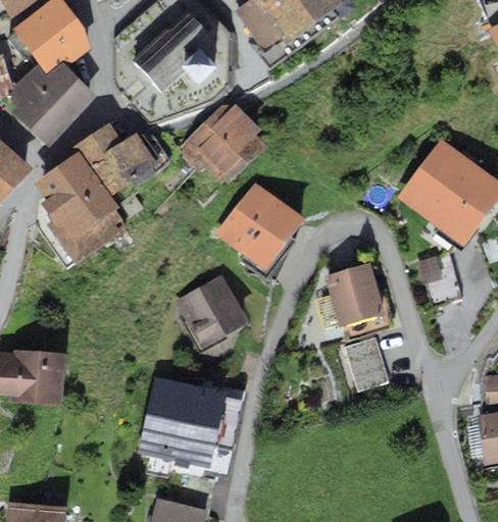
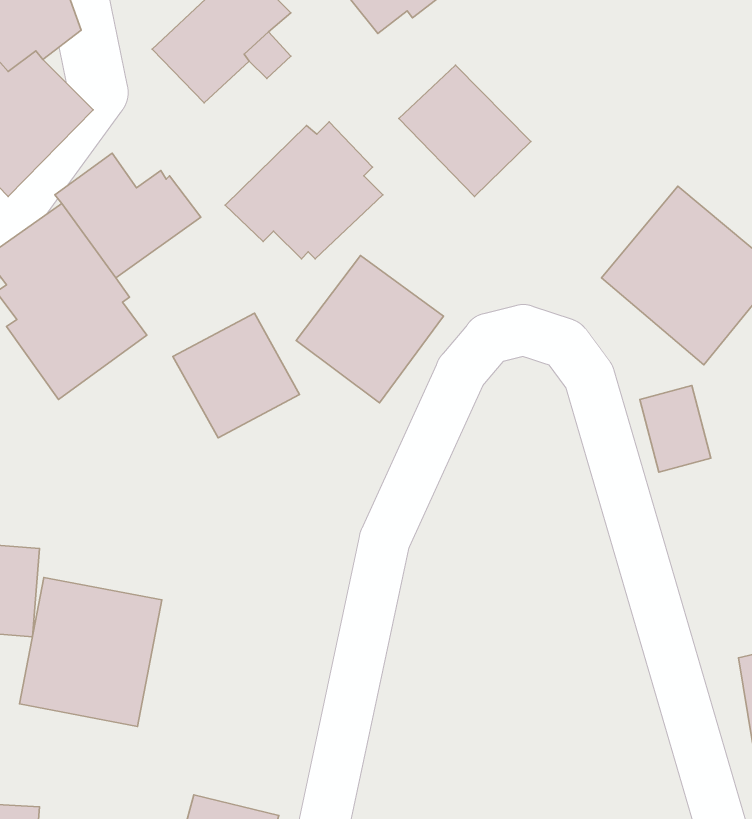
building: none -> [399,65,531,197]
building: [325,264,383,325] -> none
building: [175,274,249,348] -> [173,313,300,438]
building: [342,336,391,396] -> none
building: [140,378,223,466] -> [20,577,162,727]

